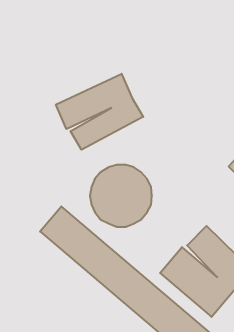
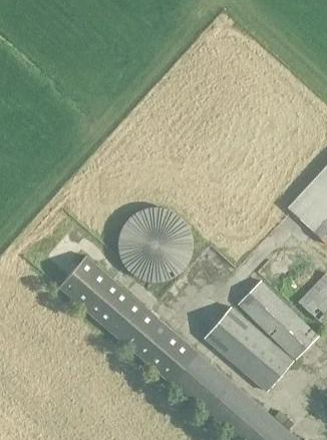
building: [56,74,143,150] -> none

